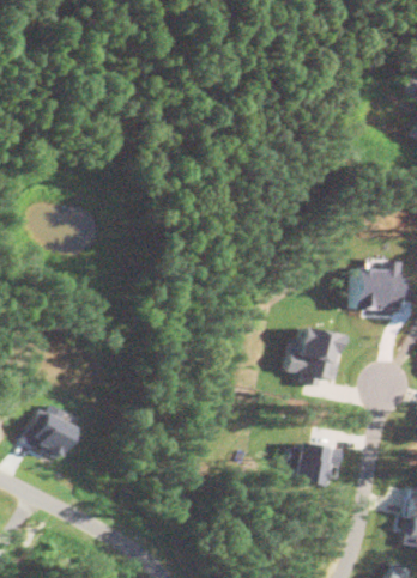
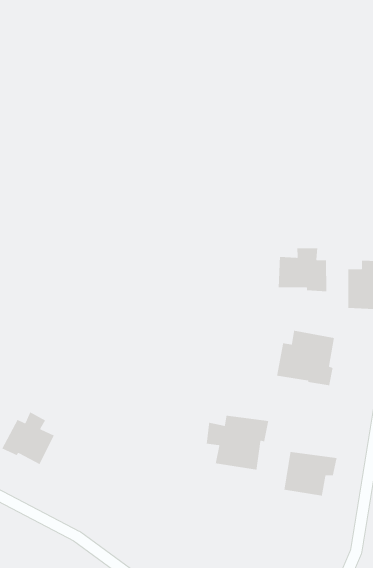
building: none -> [278,248,327,292]
building: none -> [206,415,269,471]

